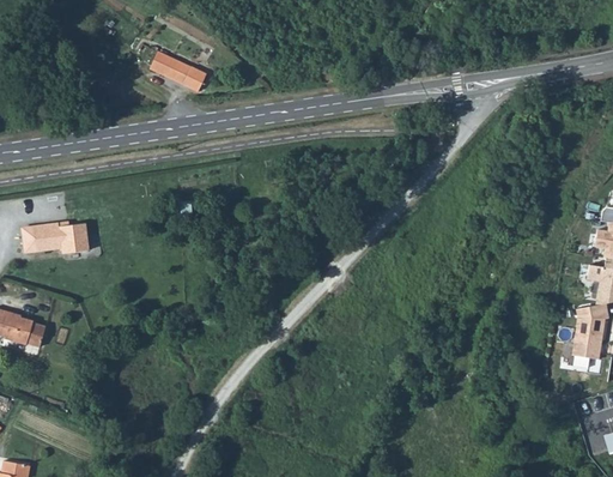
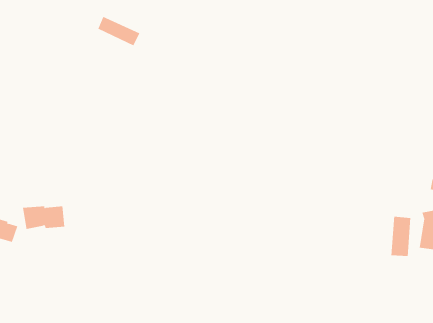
building: [32,221,89,252] -> [22,206,65,229]
building: none -> [391,216,411,257]

